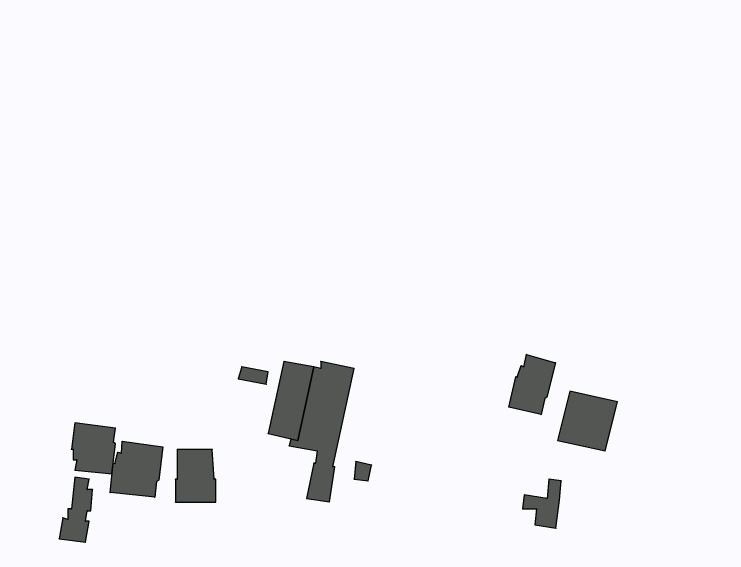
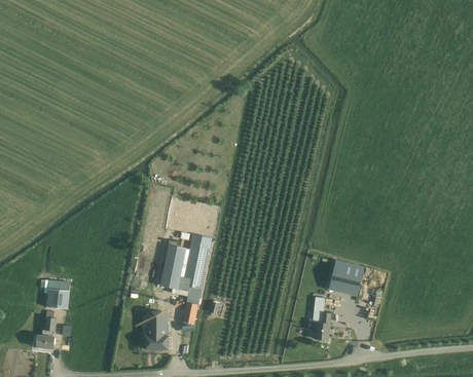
building: [509,354,556,415] -> none
building: [110,441,163,497] -> none
building: [175,449,216,502] -> [142,316,166,347]

